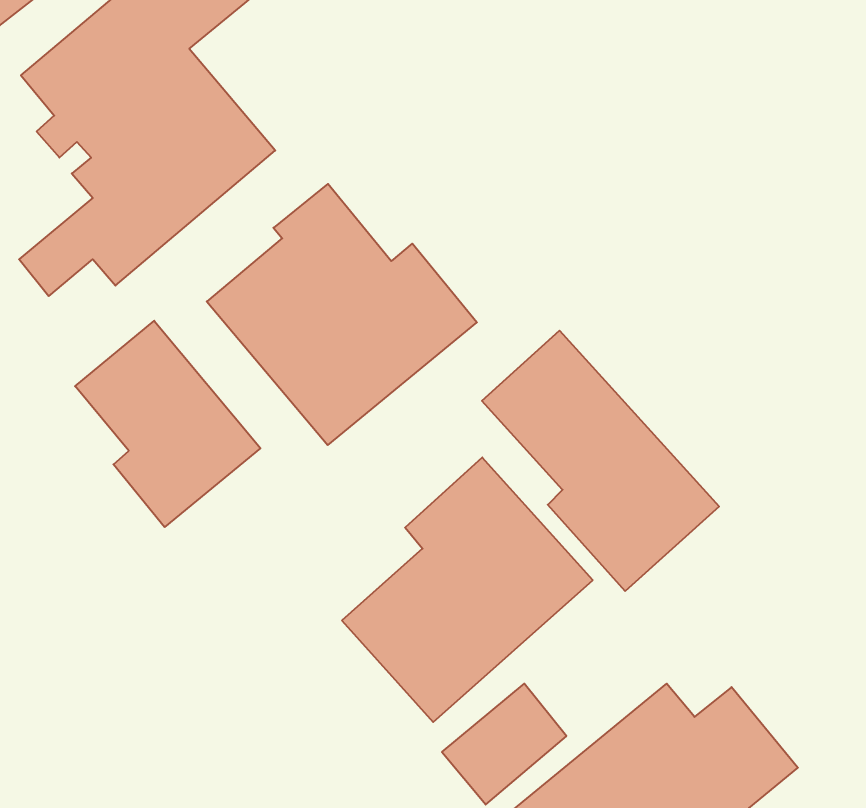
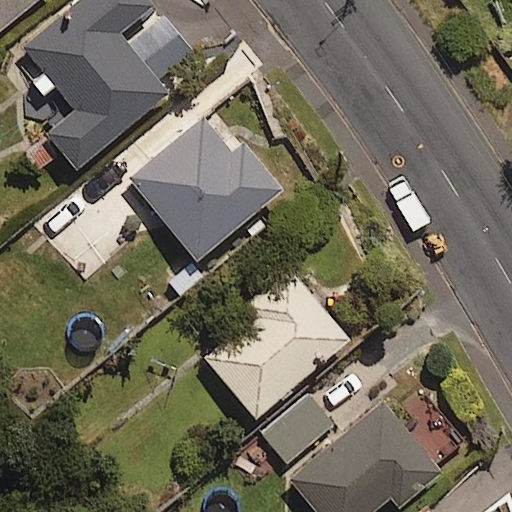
building: [75,321,260,527] -> none
building: [482,331,719,591] -> none

